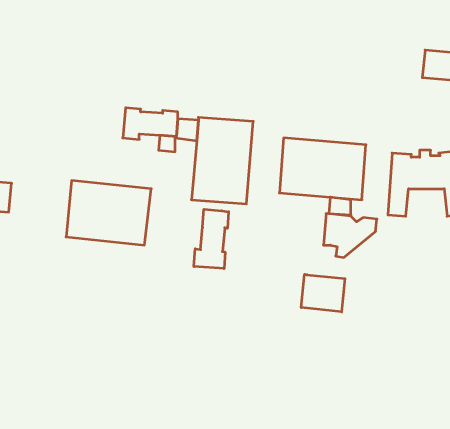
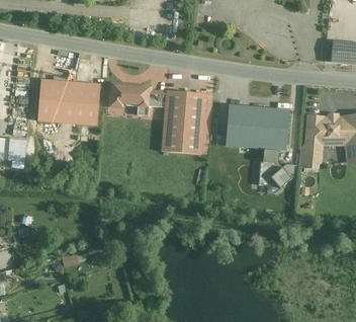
building: [66,181,151,245] -> [34,77,97,125]
building: [194,209,229,269] -> none
building: [301,274,345,312] -> none

